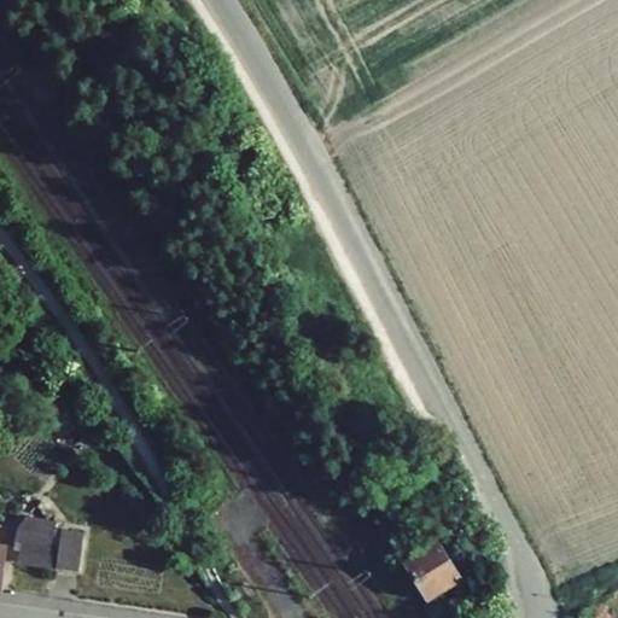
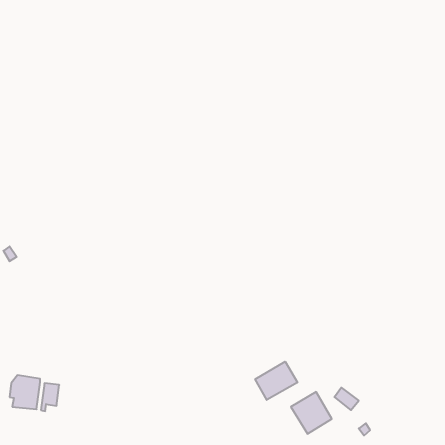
building: none -> [255,362,297,400]

